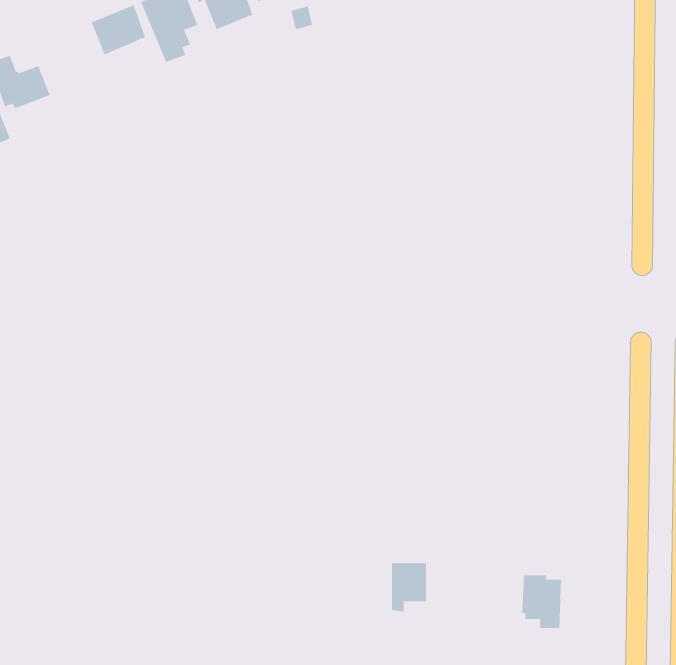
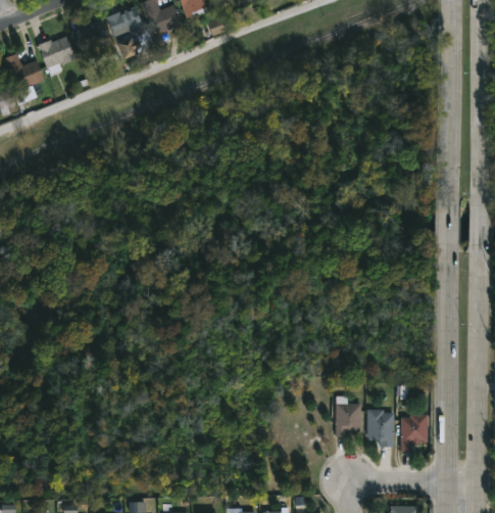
building: none -> [37,36,75,75]
building: [391,563,427,612] -> [336,404,360,437]
building: none -> [400,414,427,453]

